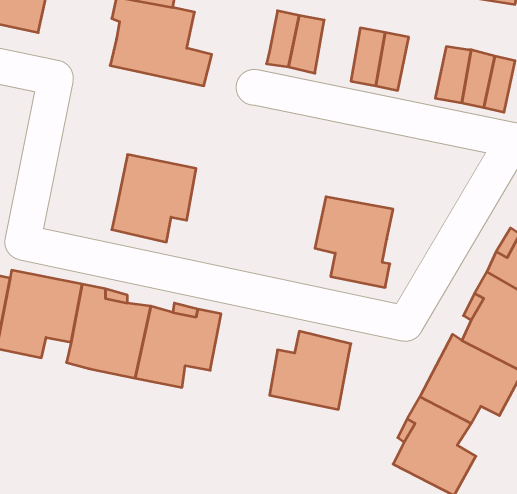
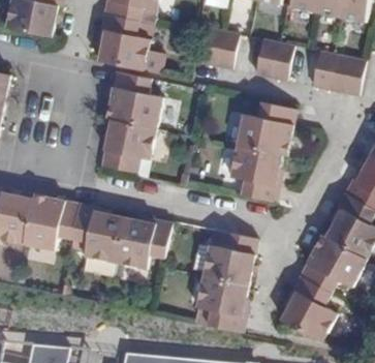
building: none -> [104,70,160,127]
building: none -> [240,97,300,155]
building: none -> [192,277,248,335]

